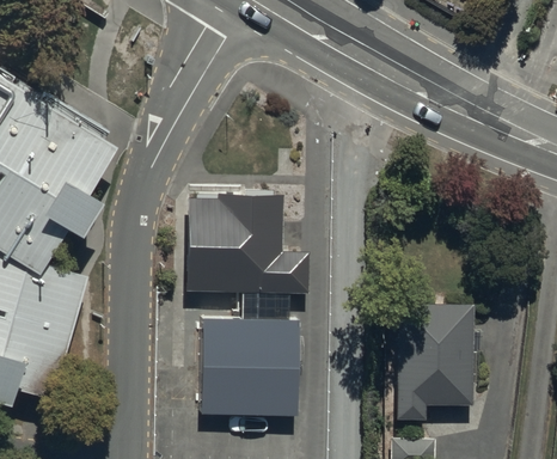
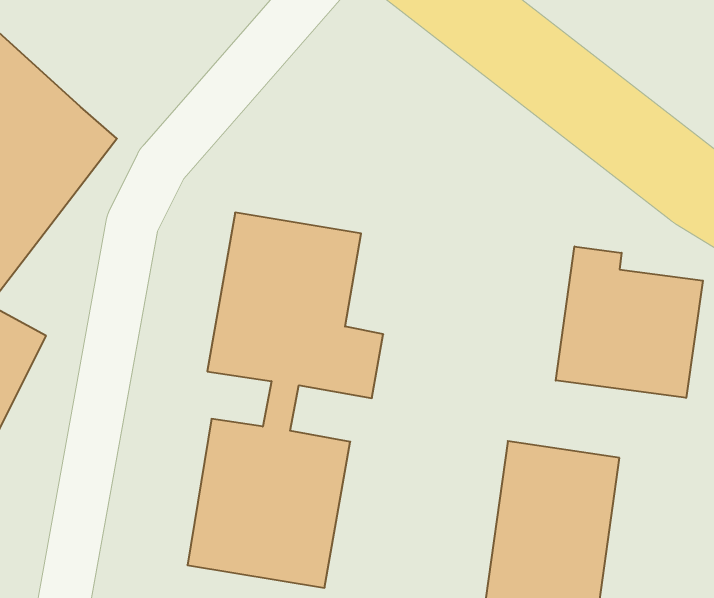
building: none -> [556,246,703,398]

